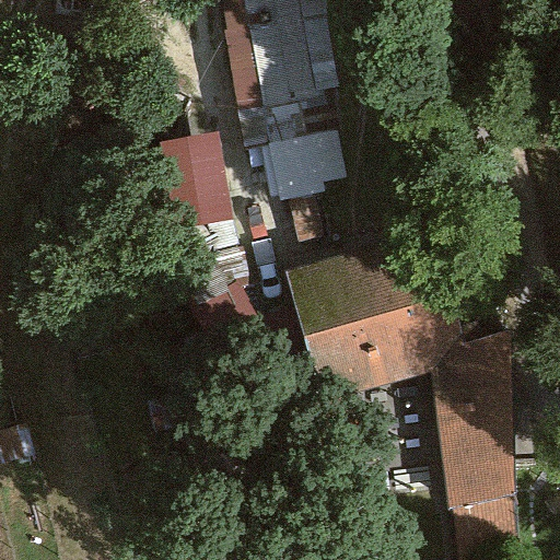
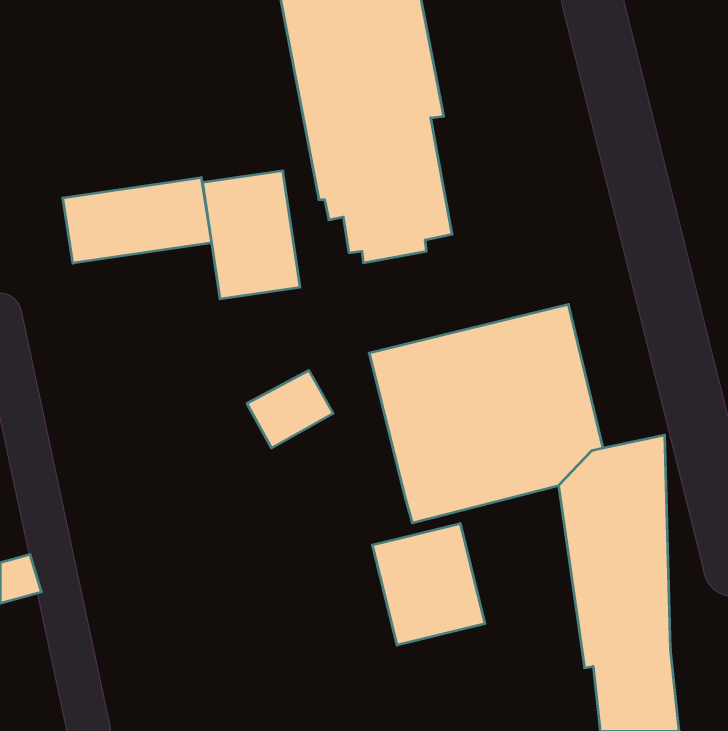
building: none -> [63,177,211,263]
building: none -> [372,523,485,645]

